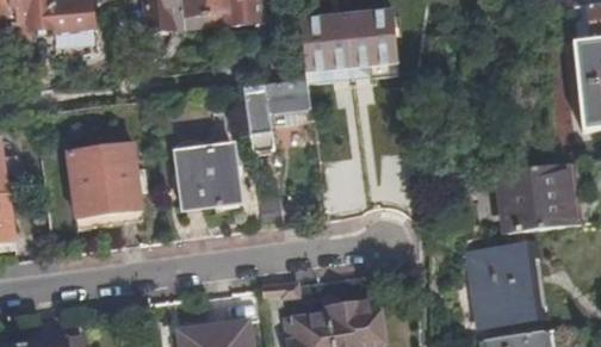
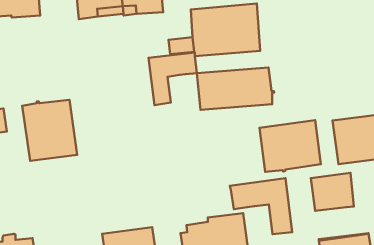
building: none -> [197,68,274,110]
building: [176,142,240,207] -> none
building: none -> [260,120,321,172]
building: none -> [230,178,292,234]
building: [475,292,520,323] -> none

